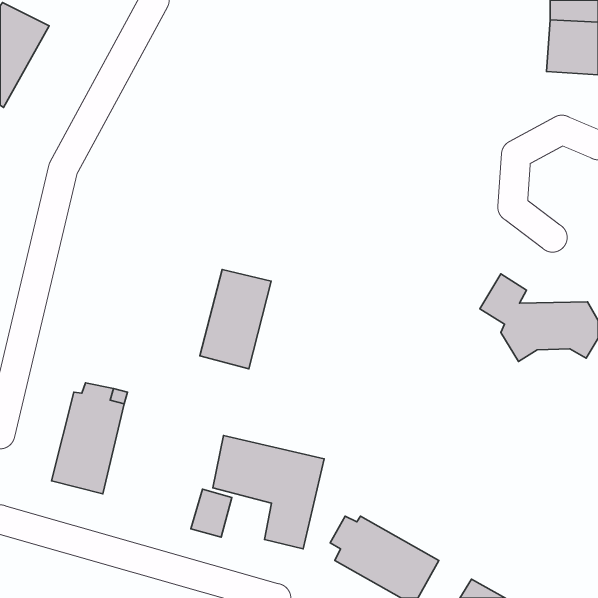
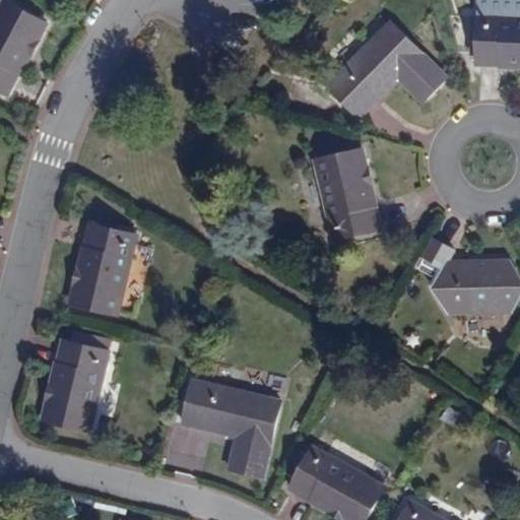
building: none -> [326,22,445,119]
building: none -> [315,151,377,240]
building: [200,269,271,369] -> [70,226,132,313]

